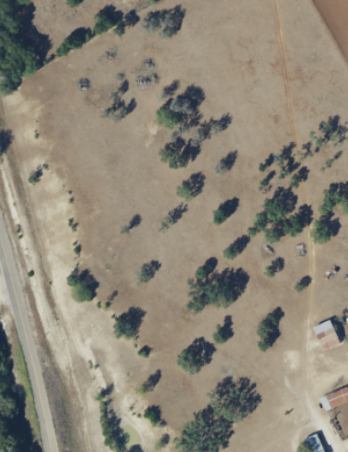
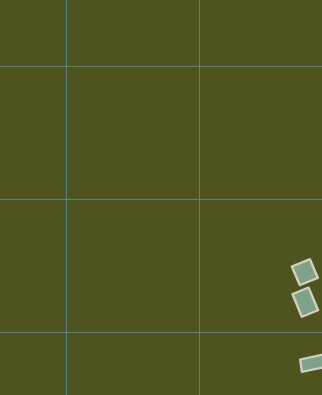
building: none -> [292,259,318,285]

